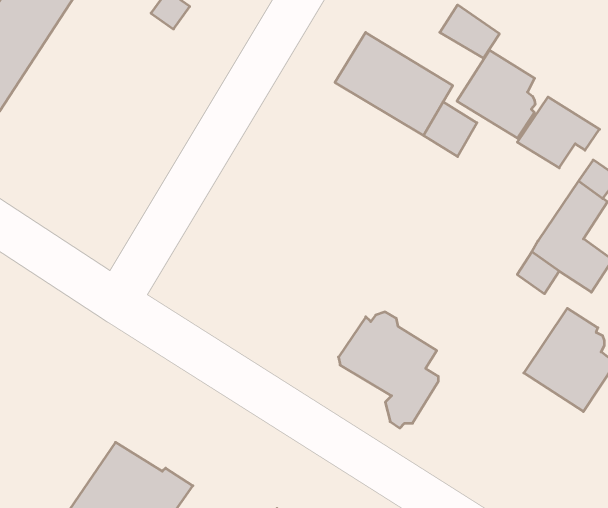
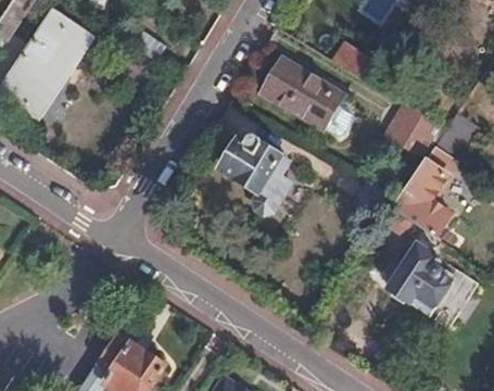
building: [457,50,535,138] -> none
building: [338,312,438,428] -> [221,135,289,213]

